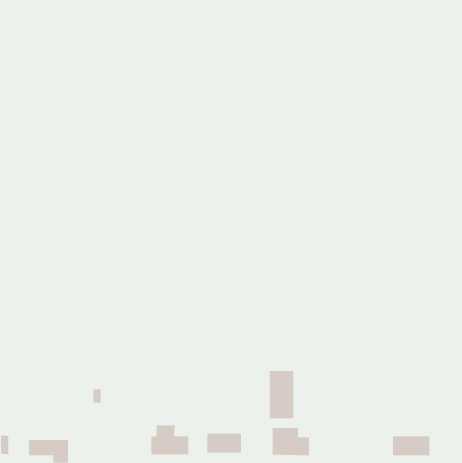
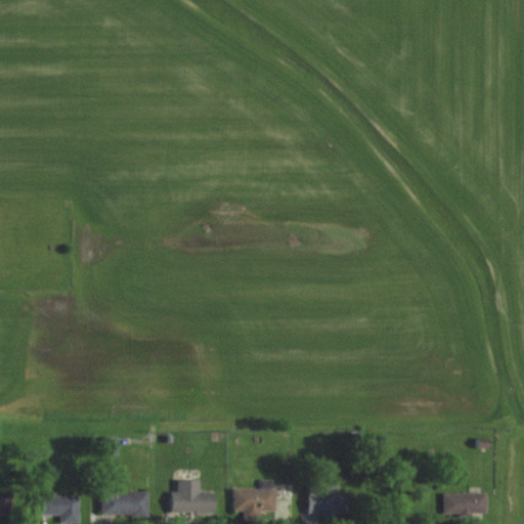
building: [269,370,294,419] -> none
building: none -> [101,492,147,517]

